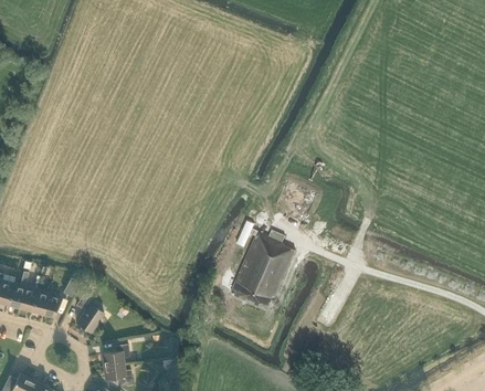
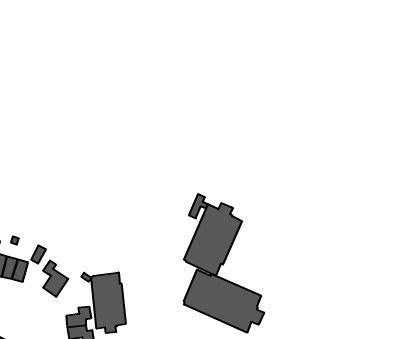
building: none -> [184,270,264,333]
building: none -> [91,272,126,333]

